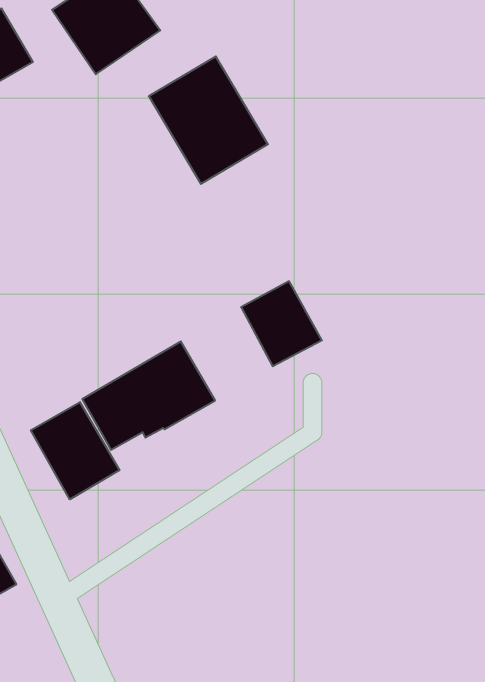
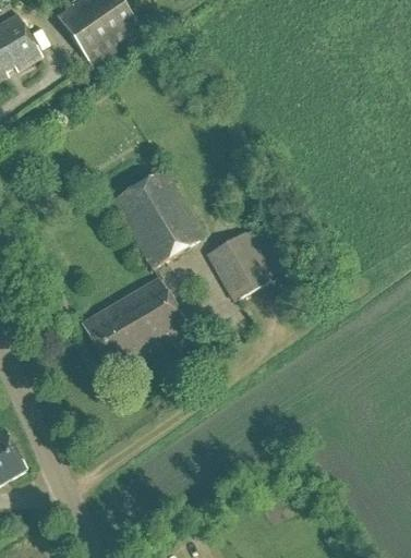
building: [149,56,268,184] -> [112,167,207,268]
building: [31,402,119,499] -> none

